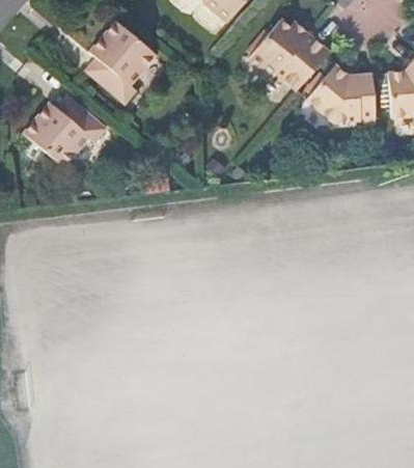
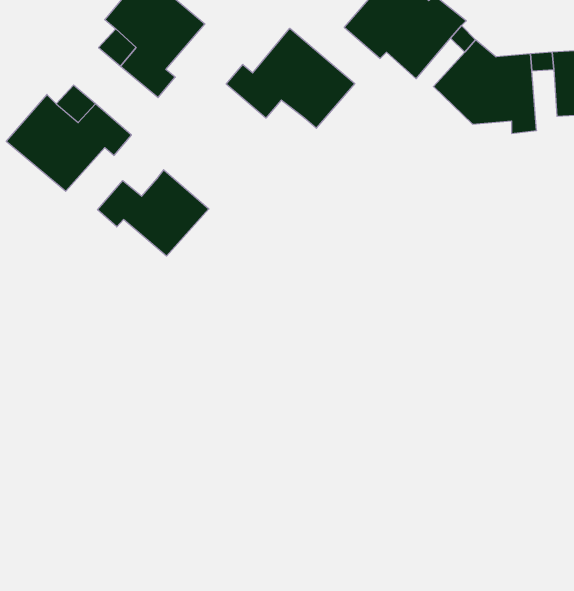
building: none -> [226,28,355,128]
building: none -> [98,170,209,256]

